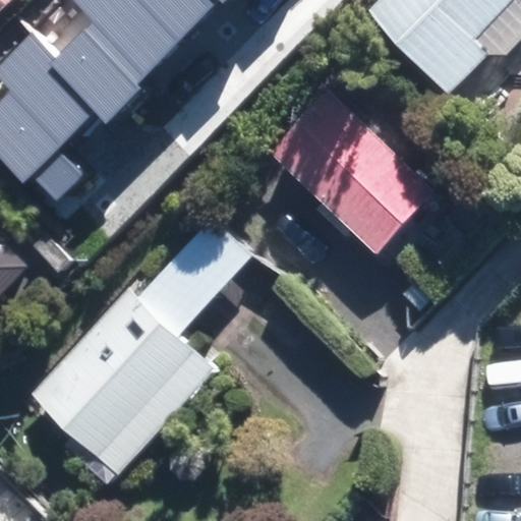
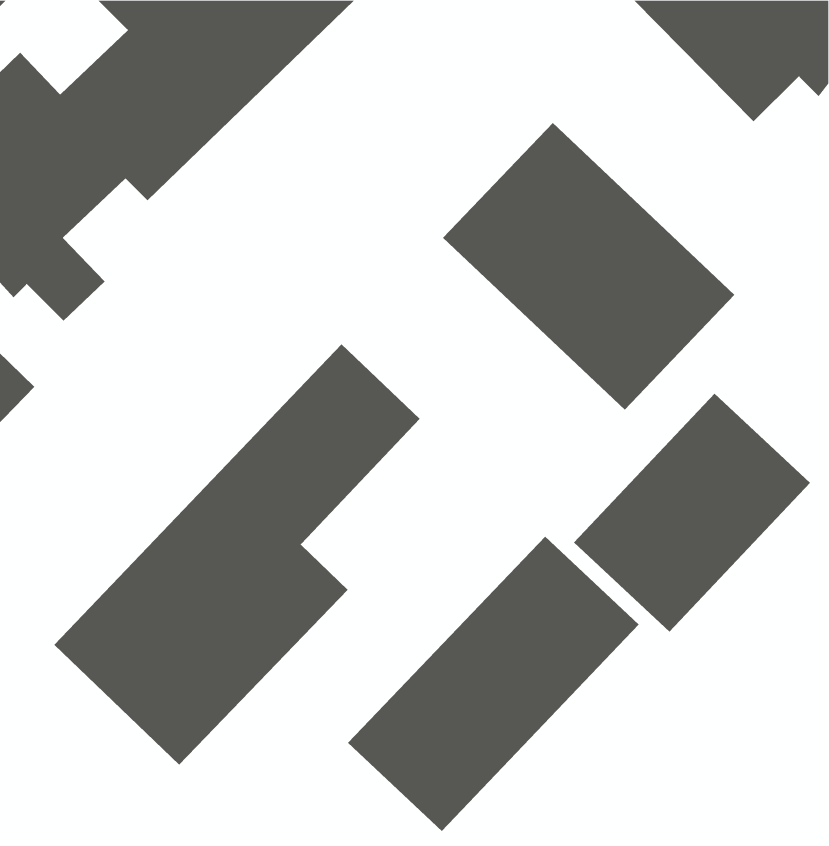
building: none -> [573,393,811,632]
building: none -> [347,536,640,832]

